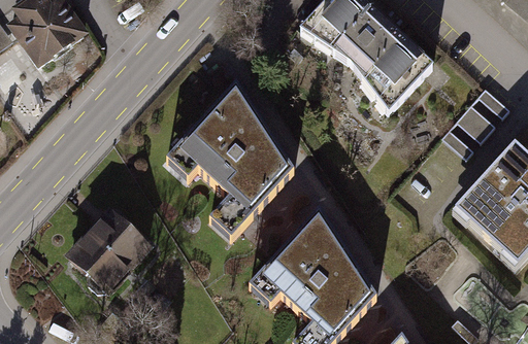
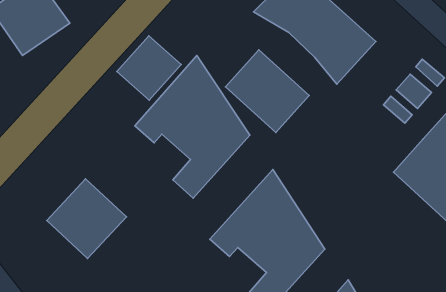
building: none -> [117,36,181,100]
building: none -> [225,50,309,132]

